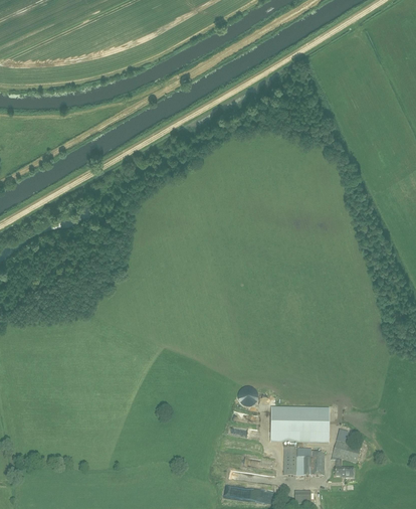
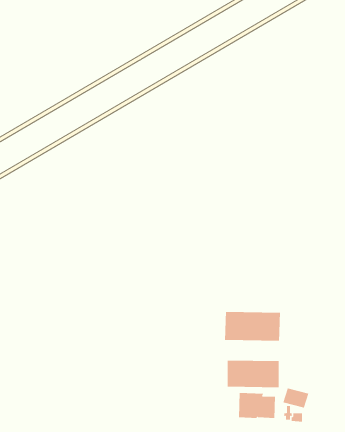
building: none -> [224,311,280,341]

